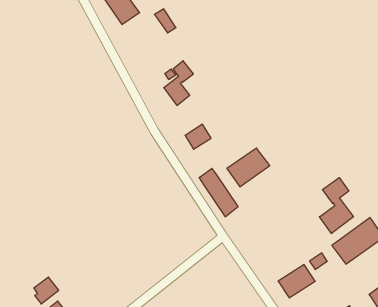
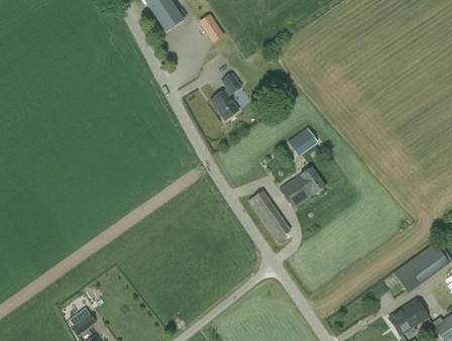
building: [185,124,211,149] -> [292,126,320,153]
building: [319,178,353,234] -> none
building: [278,265,315,298] -> [388,299,429,335]

